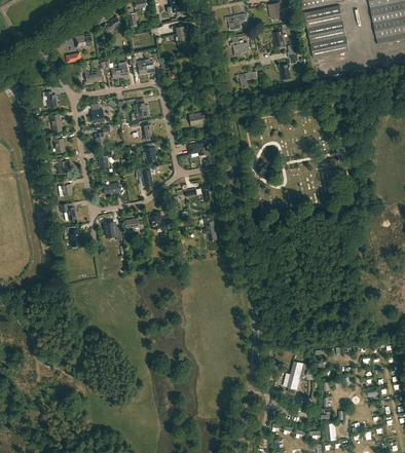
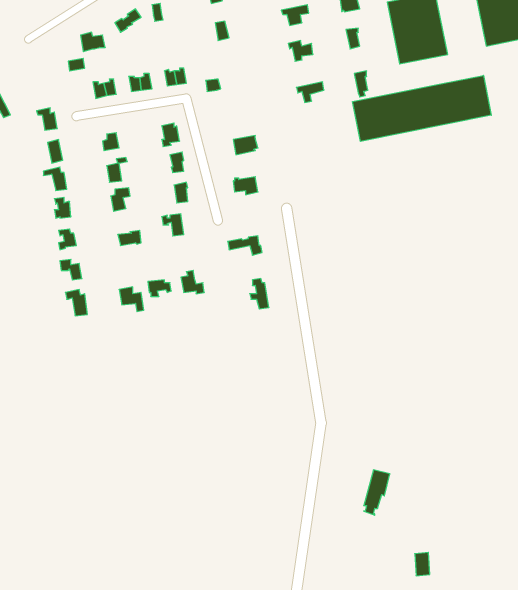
building: none -> [353,75,491,141]

